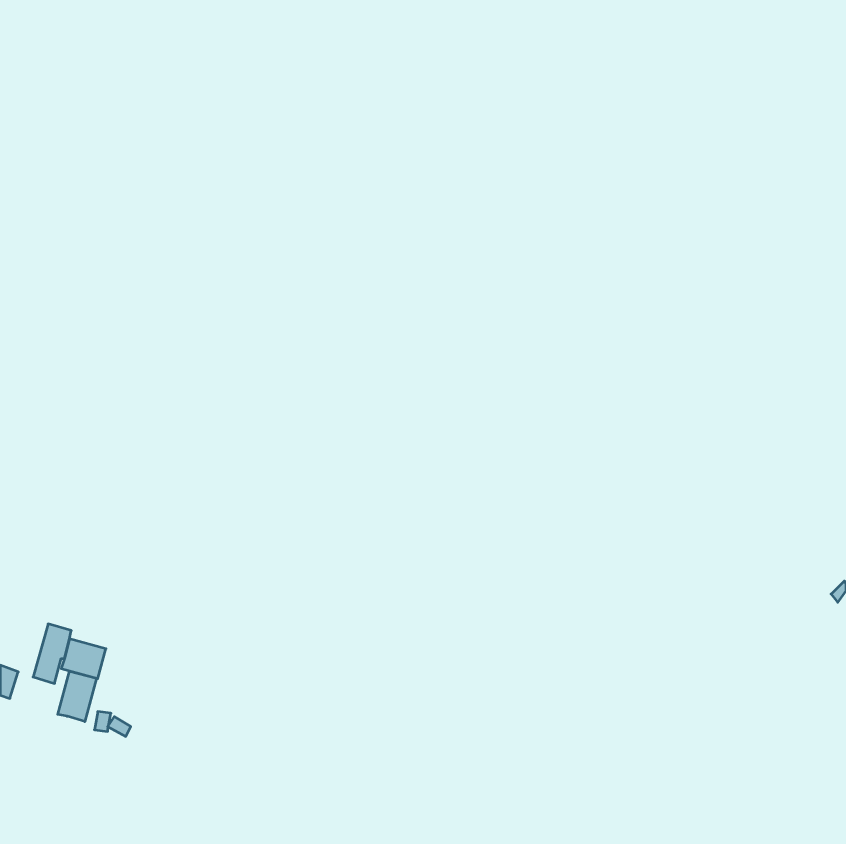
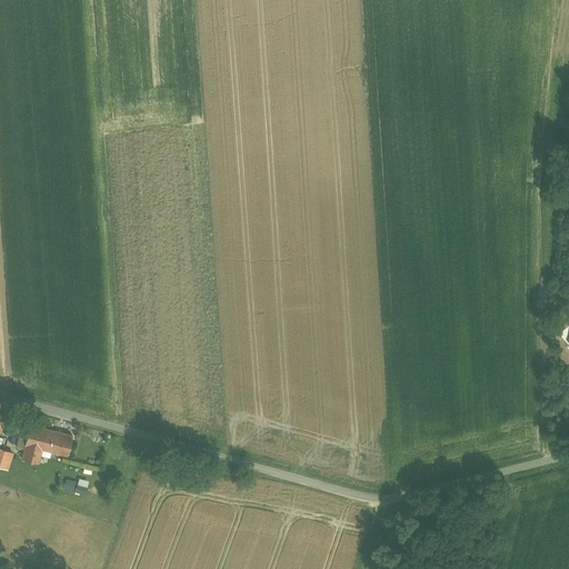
building: [58,671,97,722] -> none

